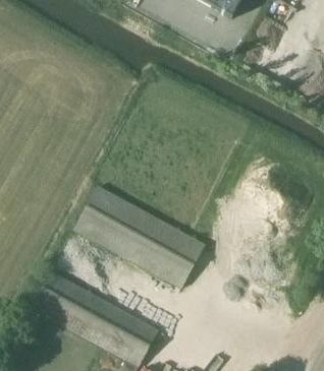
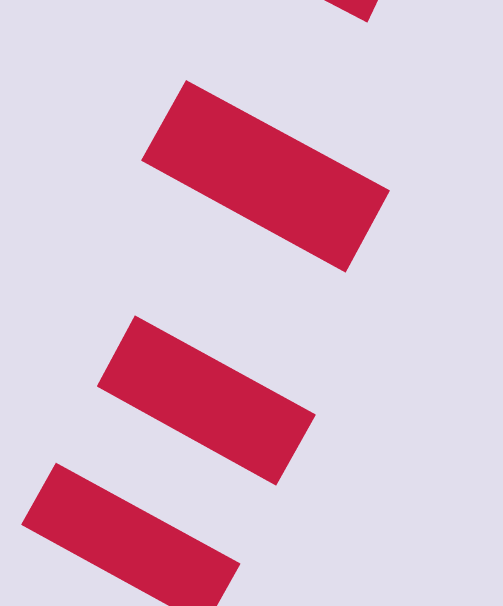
building: none -> [140,79,391,274]

